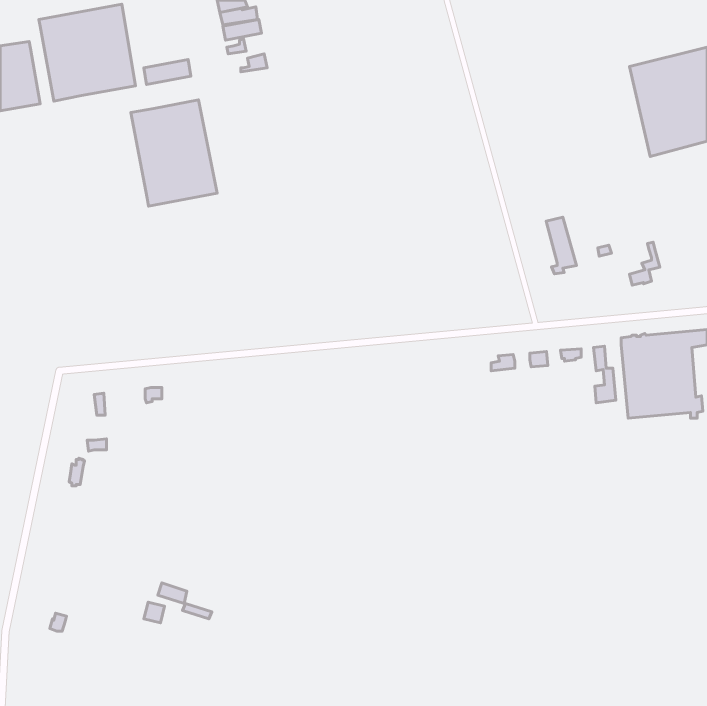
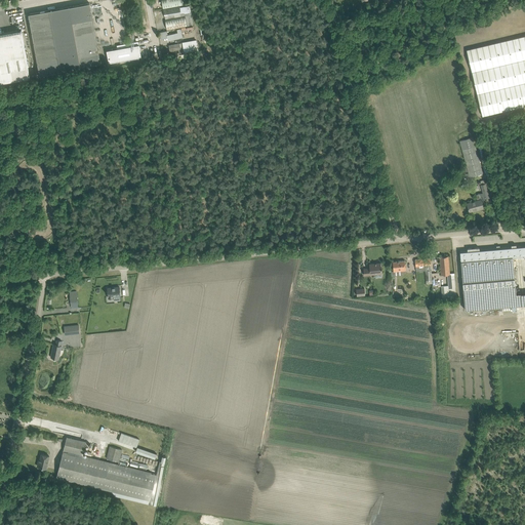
building: [131,100,217,206] -> none
building: [546,217,577,274] -> [460,138,483,180]
building: none -> [56,438,166,507]

